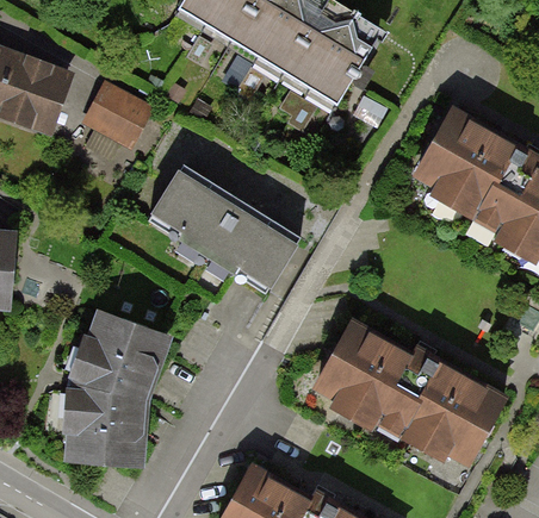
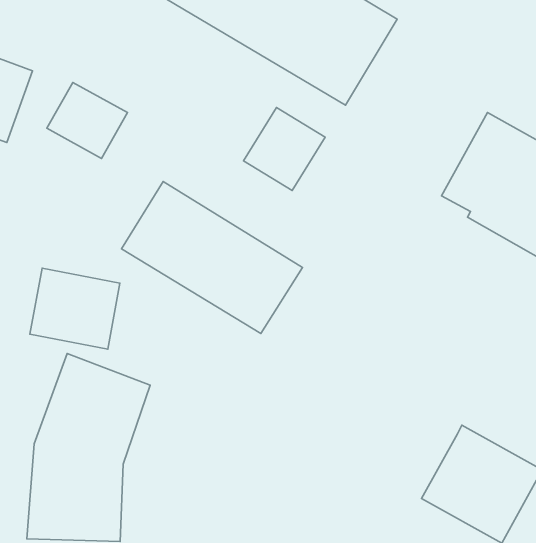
building: none -> [243,108,325,191]
building: none -> [30,268,120,349]
building: [311,330,427,436] -> none

